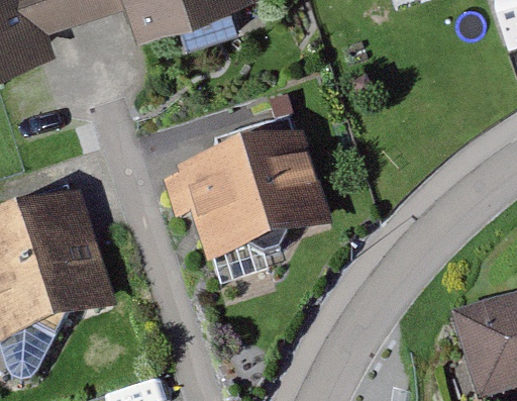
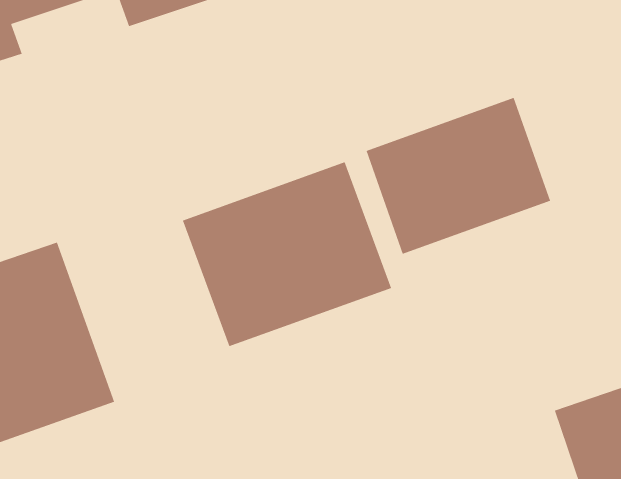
building: none -> [365,97,551,255]

